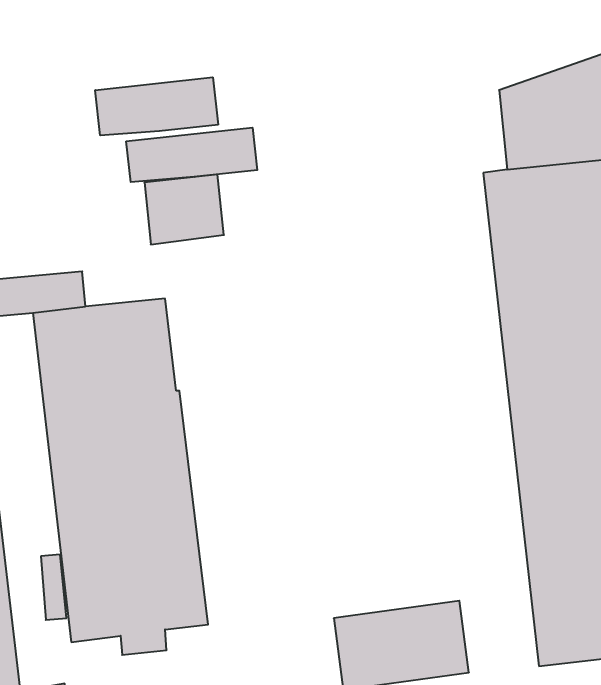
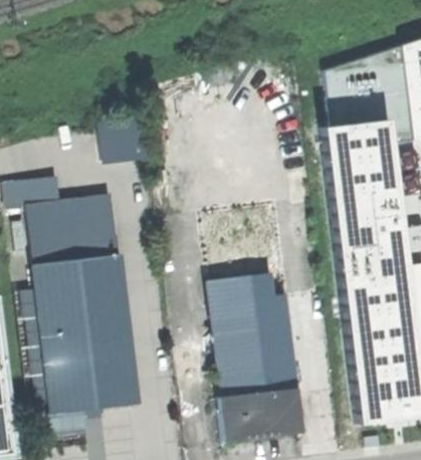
building: [95,77,218,135] -> none
building: [126,128,257,182] -> none
building: none -> [208,274,296,397]

